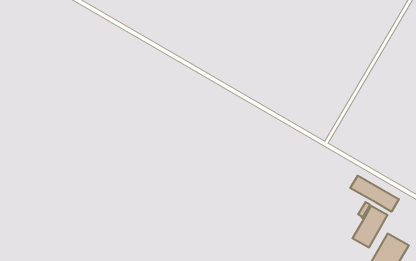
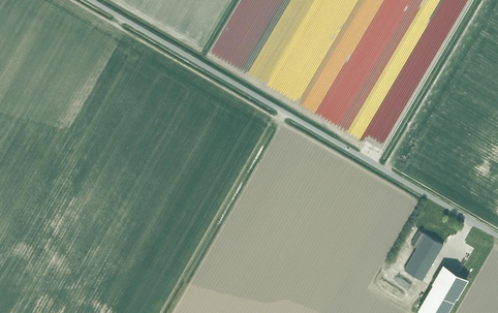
building: [350,176,399,212] -> none

